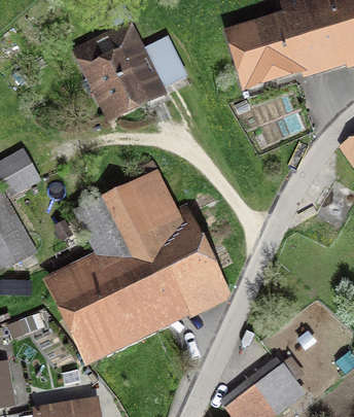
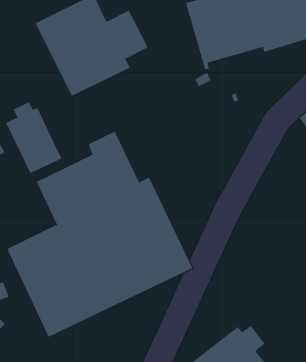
building: none -> [5,102,62,174]

